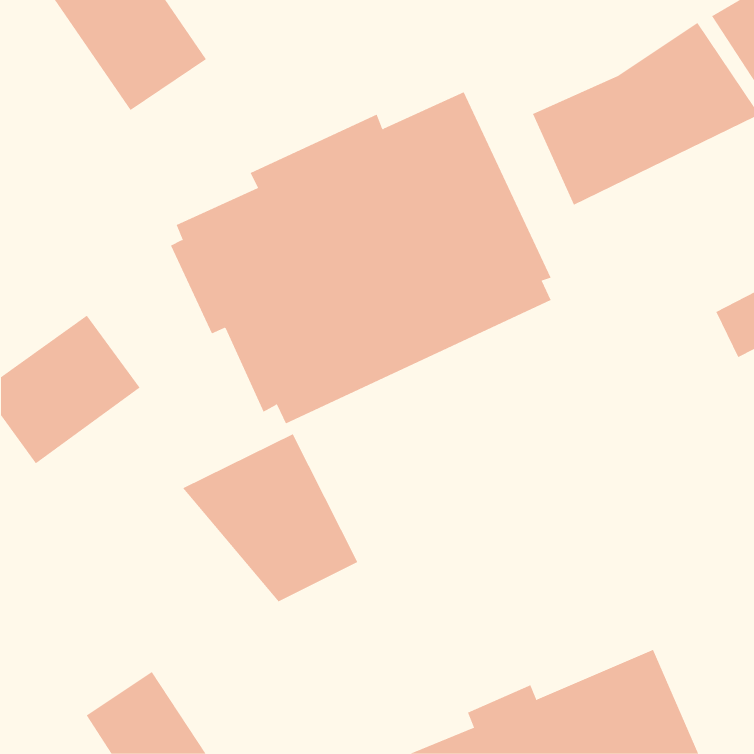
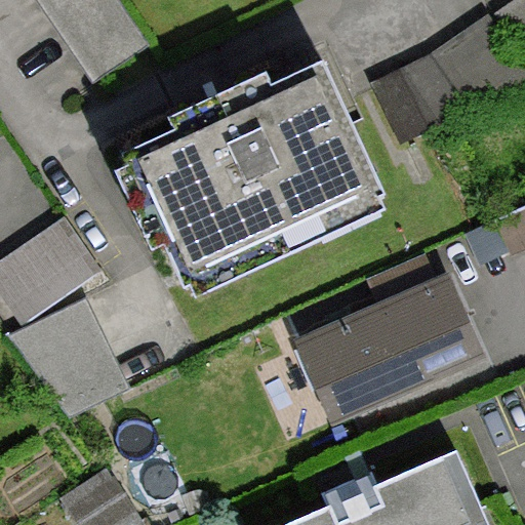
building: none -> [297,254,485,425]
building: [182,433,358,602] -> [7,297,129,414]

